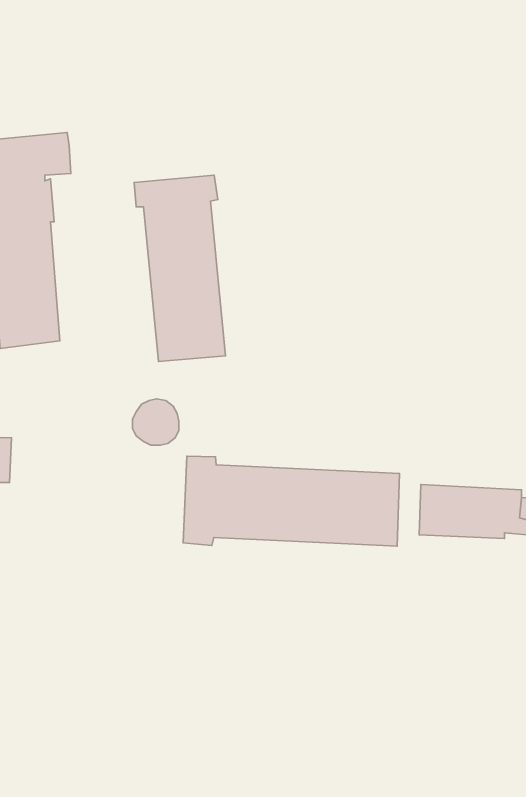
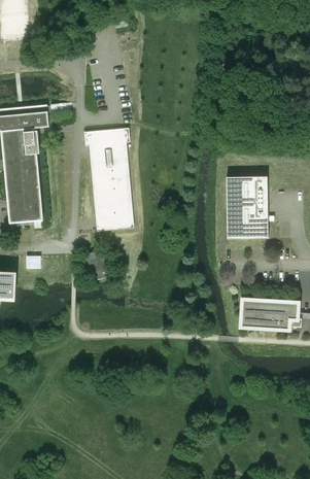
building: none -> [226,176,268,238]
building: [183,456,400,546] -> none

